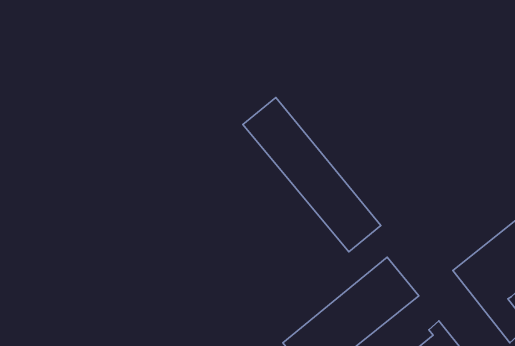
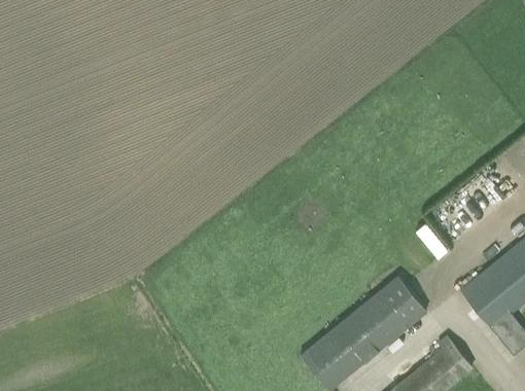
building: [243,98,381,252] -> none

